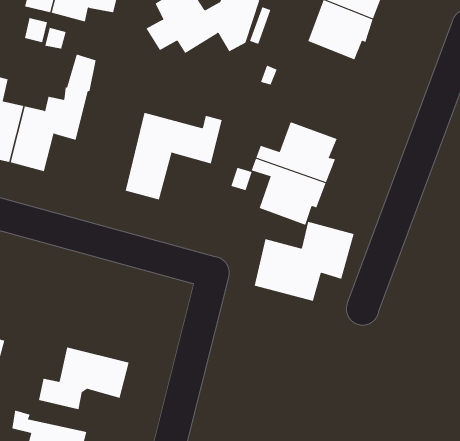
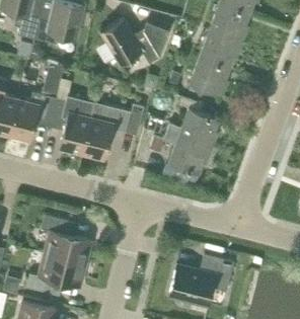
building: none -> [189,57,230,97]
building: none -> [49,89,94,153]
building: [254,221,355,302] -> [169,254,234,306]
building: none -> [41,215,91,263]

